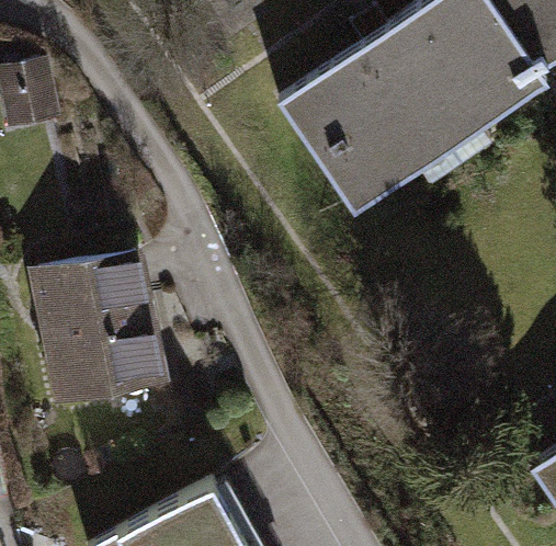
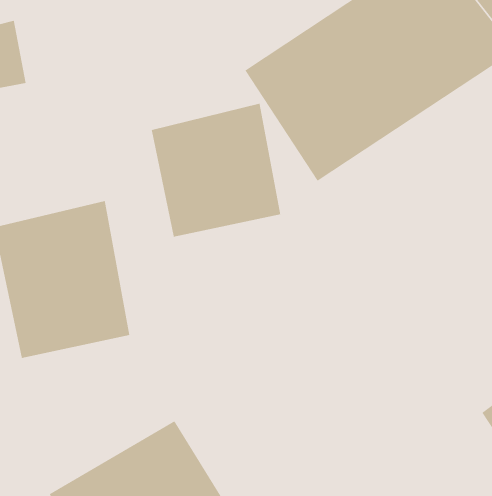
building: none -> [151,103,281,238]

